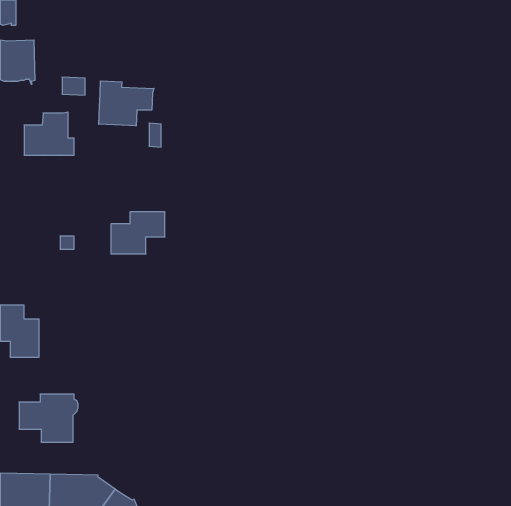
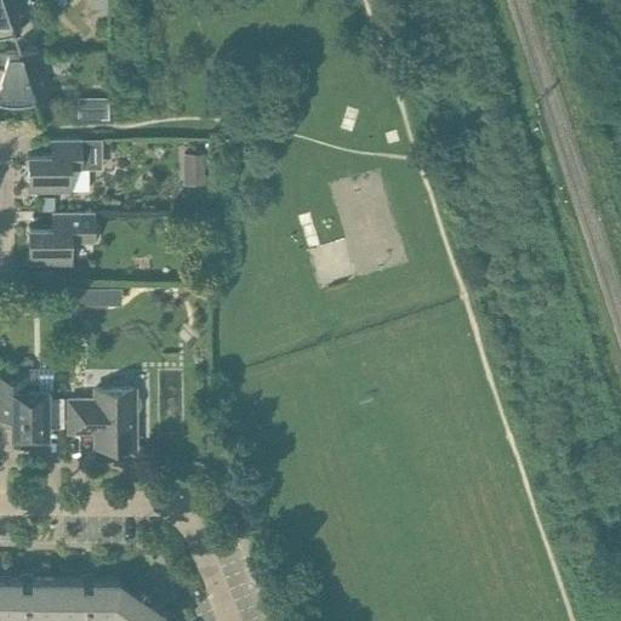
building: [99,81,154,126] -> none
building: [111,212,165,254] -> [29,216,95,267]
building: [19,394,78,442] -> [69,392,141,450]

